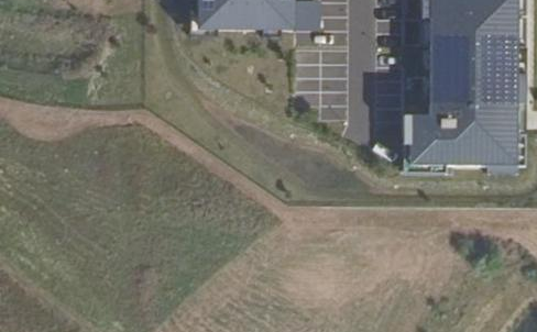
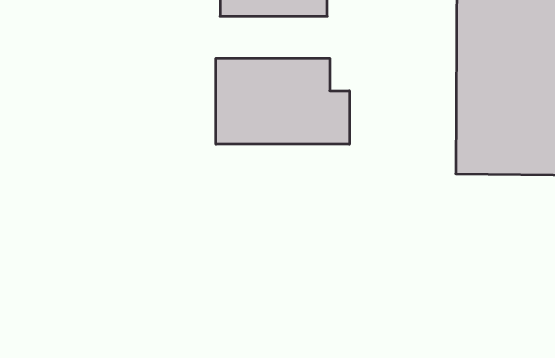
building: none -> [216,58,349,144]

